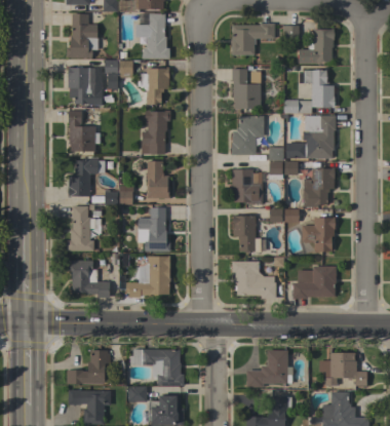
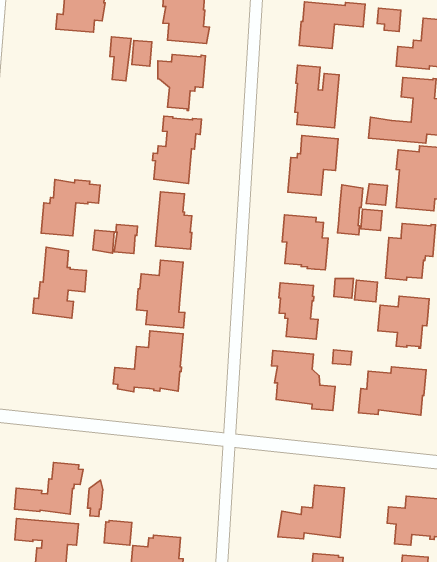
building: [67,67,102,106] -> none
building: [68,111,99,152] -> none
building: [65,261,109,299] -> none
building: [129,350,184,386] -> none

